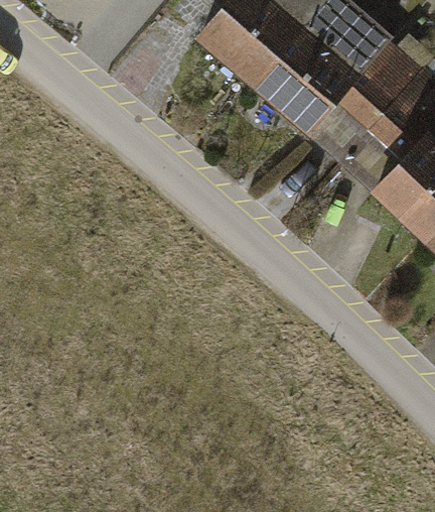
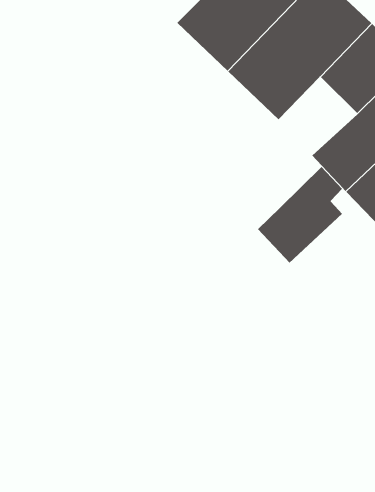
building: none -> [257,166,343,263]

